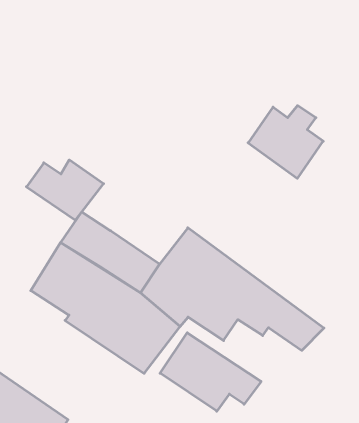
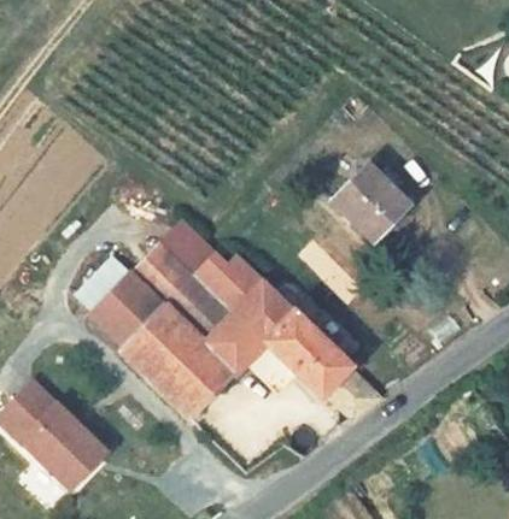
building: [26,160,104,220] -> [180,243,259,307]
building: [160,333,261,411] -> none

